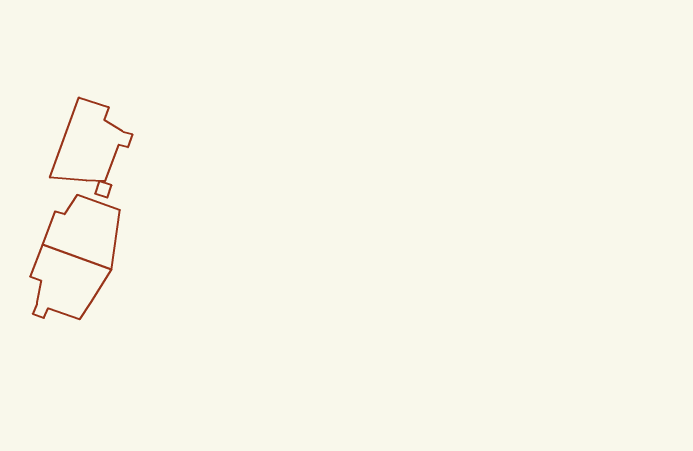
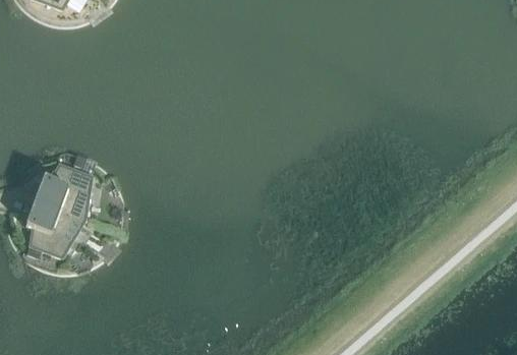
building: [50,97,132,181] -> none

